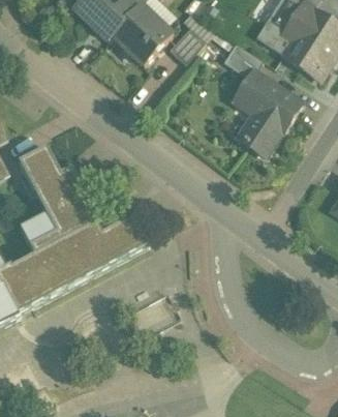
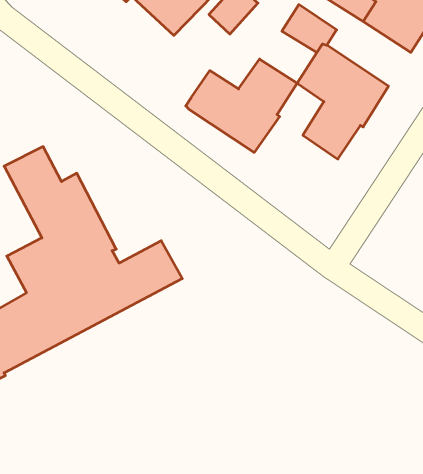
building: none -> [186,59,297,152]

